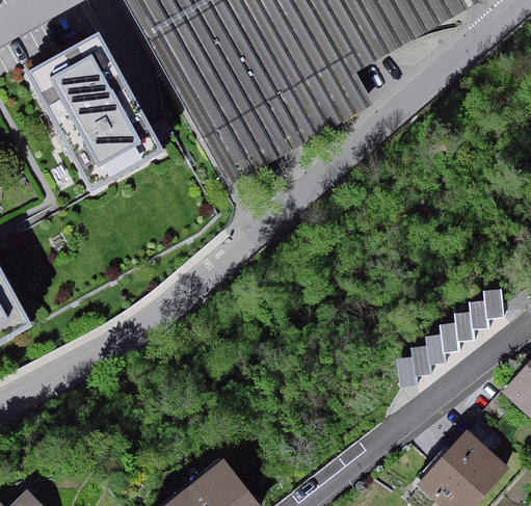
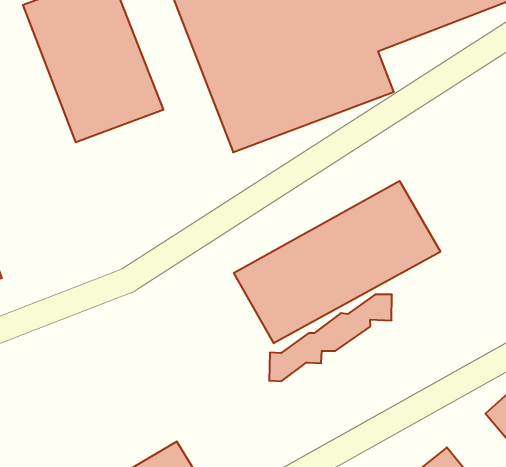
building: none -> [234,181,440,343]
building: [396,293,504,389] -> [269,294,392,381]

